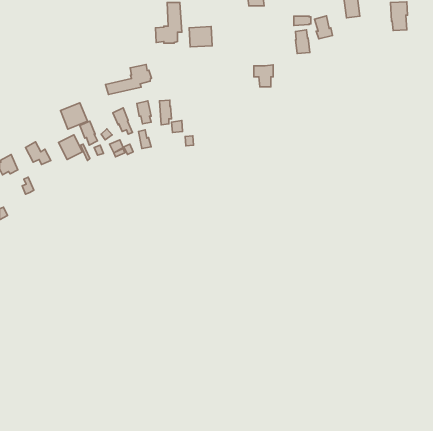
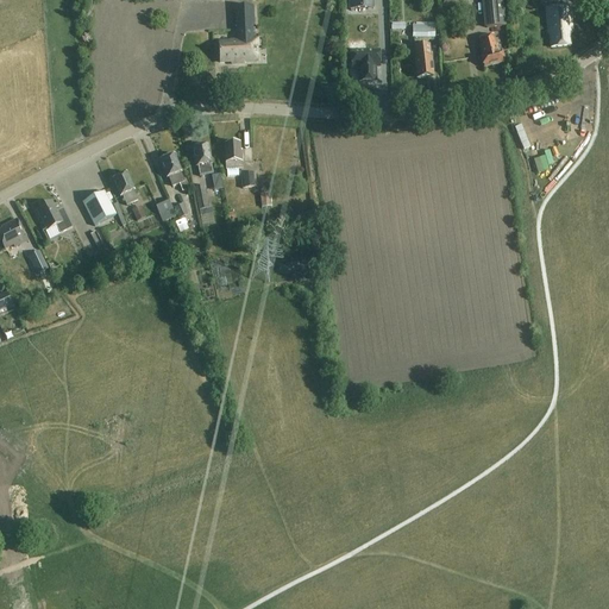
building: [315,16,332,39] -> [478,32,503,64]
building: [189,27,212,47] -> none
building: [106,64,151,94] -> none
building: [254,65,273,87] -> [351,48,378,79]
building: [60,103,87,129] -> none

